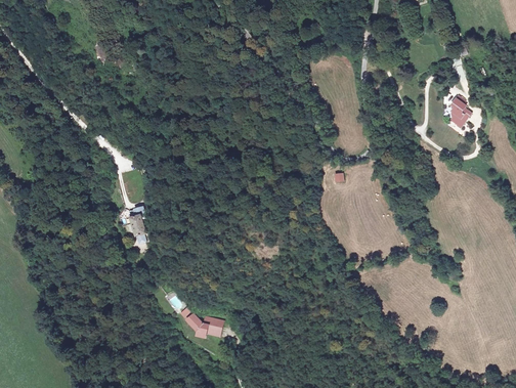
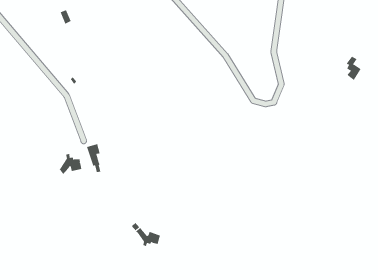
building: none -> [59,153,82,175]

